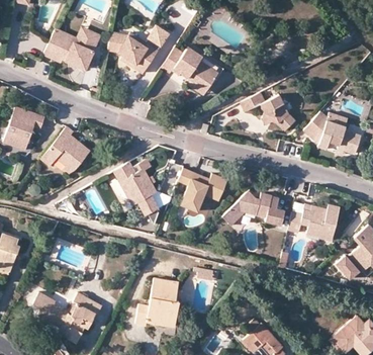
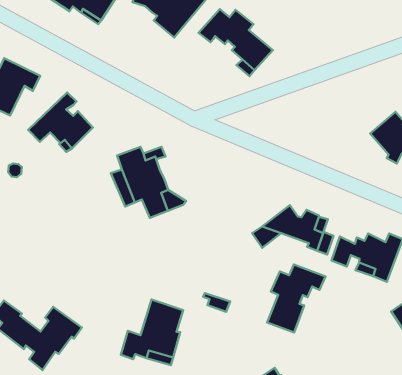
building: [242,92,295,131] -> none
building: [177,167,226,210] -> none
building: none -> [267,264,326,332]

